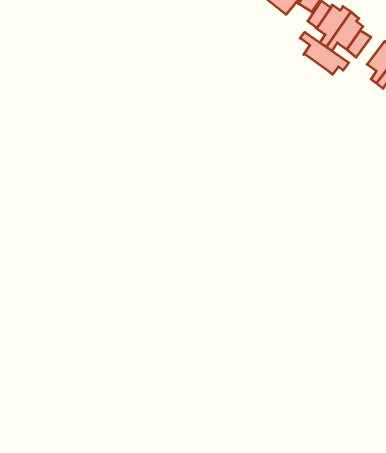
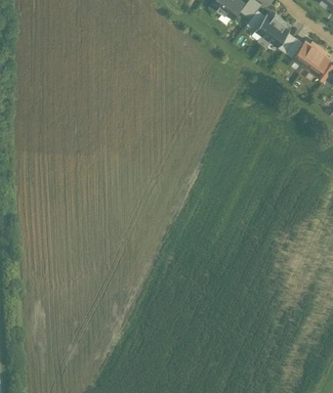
building: [300,32,349,74] -> none

